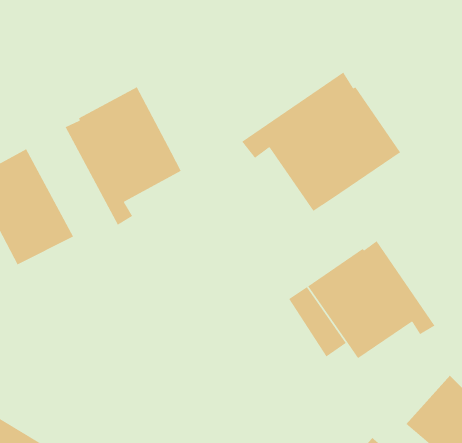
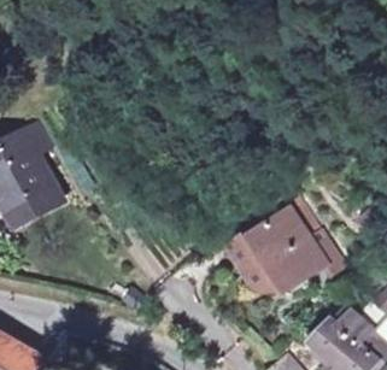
building: [241,71,401,212] -> none
building: [65,86,182,226] -> none

